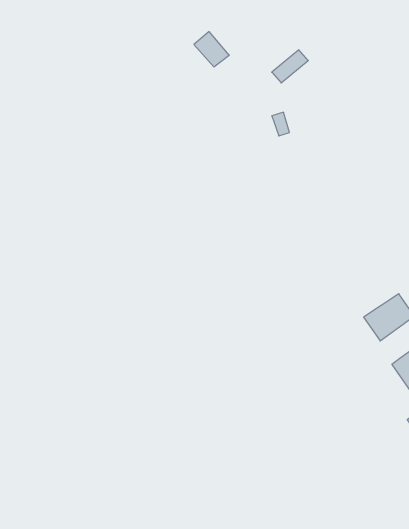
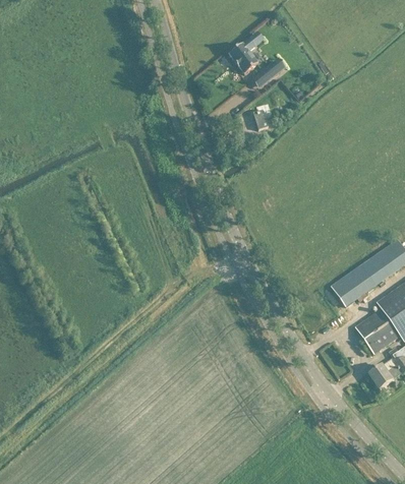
building: [194,32,229,67] -> [226,41,256,71]

